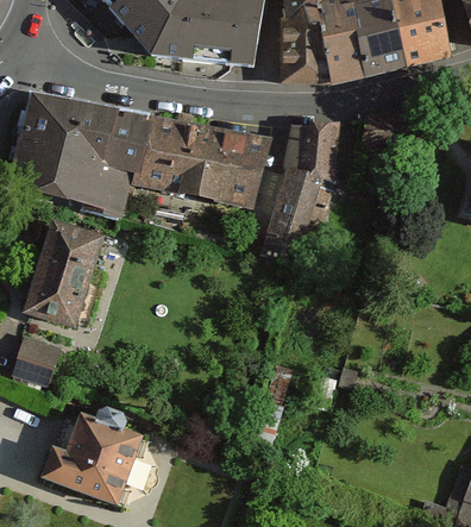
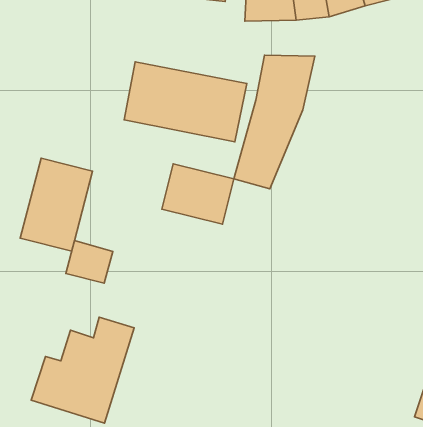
building: [11,93,152,220] -> none
building: none -> [162,164,234,224]
building: [14,333,65,379] -> [66,241,113,283]

